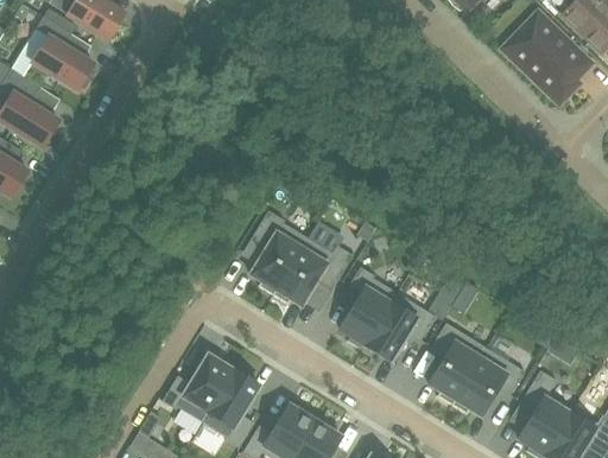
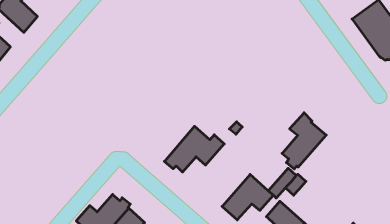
building: [249,211,306,295] -> none
building: [338,267,397,349] -> [282,113,326,169]

